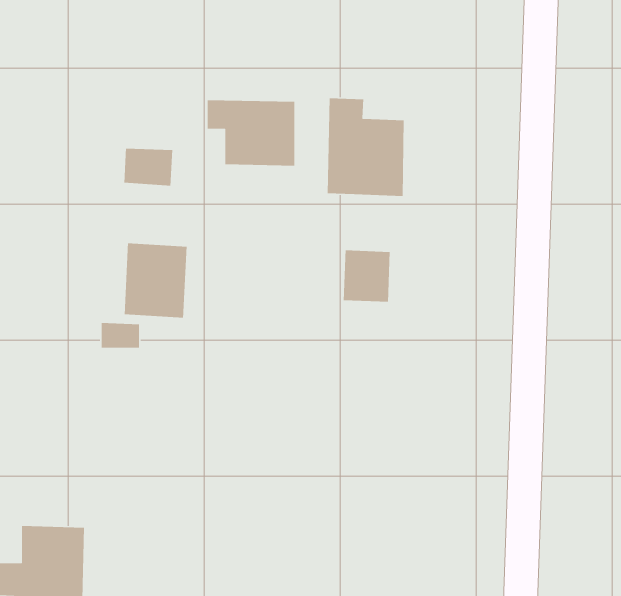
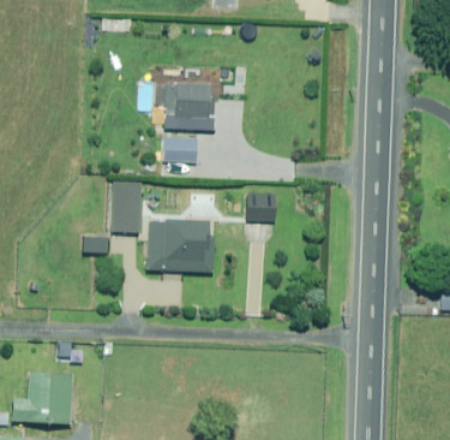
building: [327,97,405,197] -> none
building: [124,148,173,187] -> [163,136,197,162]
building: none -> [146,220,214,272]

